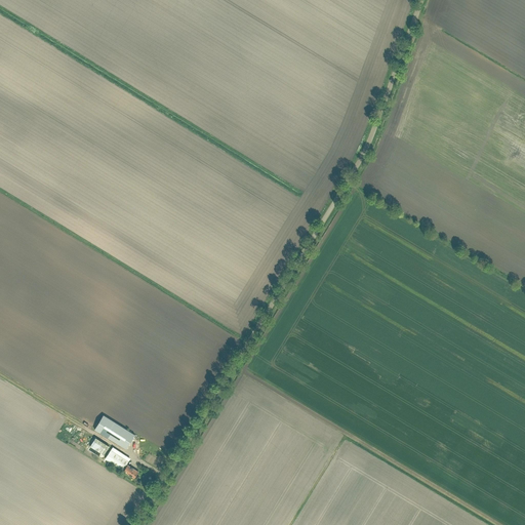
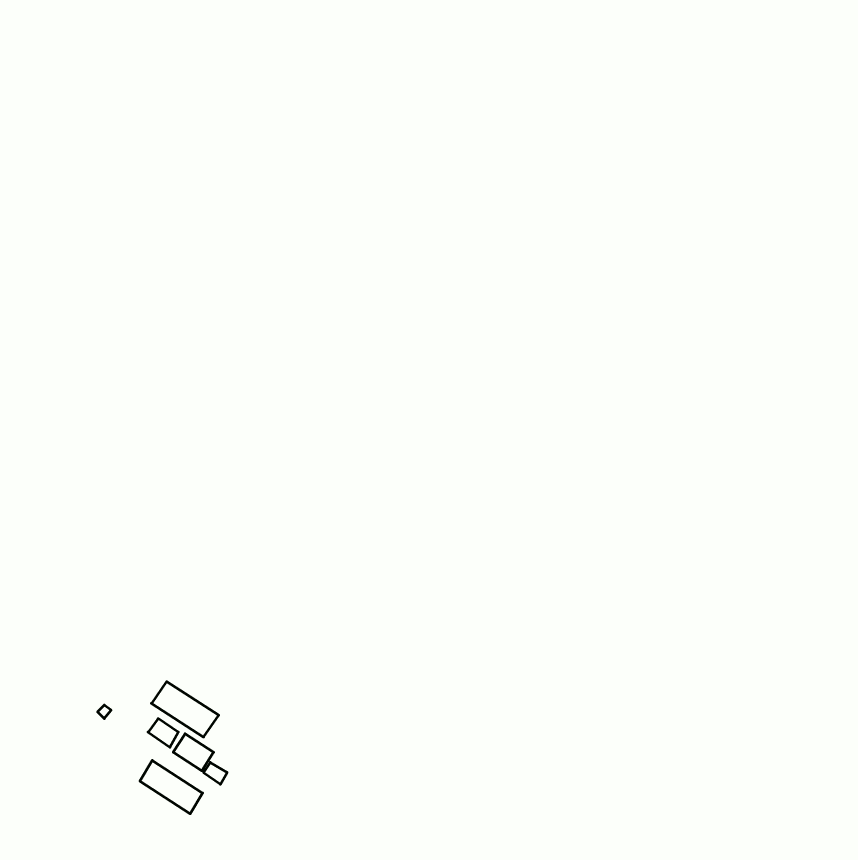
building: none -> [140,760,203,814]

